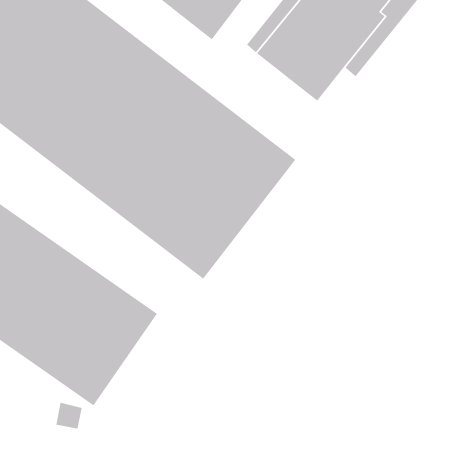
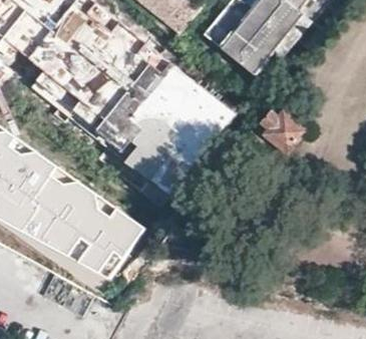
building: none -> [264,110,303,148]

